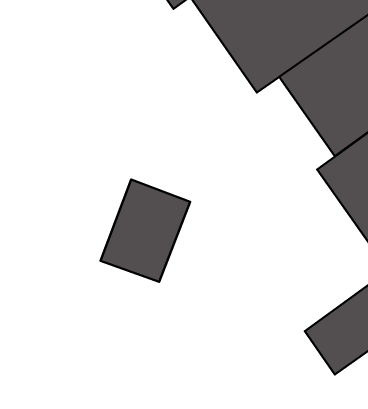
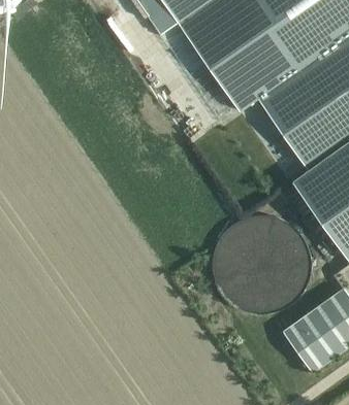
building: [101,179,190,282] -> none
building: none -> [212,215,310,313]

